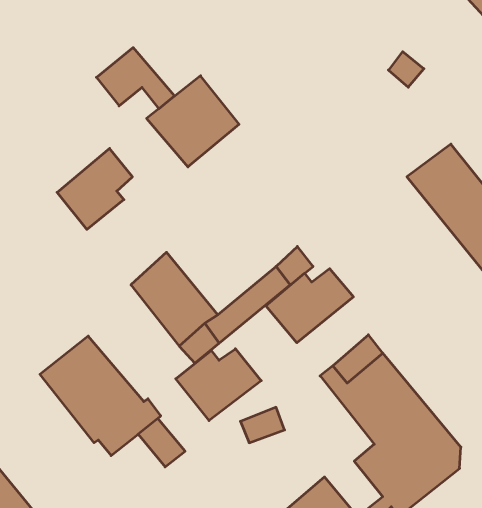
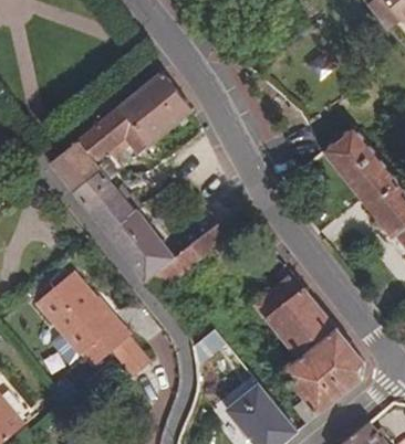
building: [96,48,175,109] -> [91,105,152,152]
building: none -> [73,168,135,234]
building: [266,269,353,343] -> none
building: [176,349,261,421] -> none

